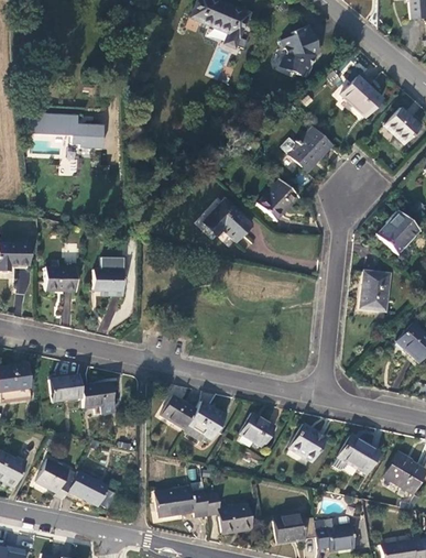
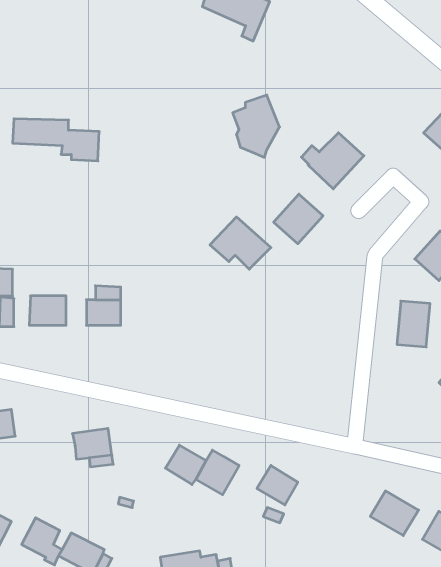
building: [280,24,320,78] -> [233,95,280,157]
building: [339,75,384,119] -> none
building: [51,375,84,401] -> none
building: [291,424,328,461] -> none

